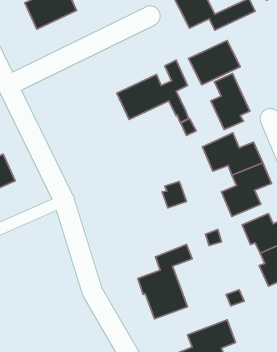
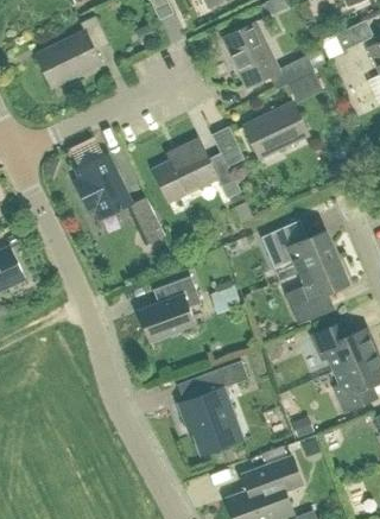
building: [211,73,250,129] -> none
building: none -> [75,154,160,235]
building: none -> [139,276,201,341]

